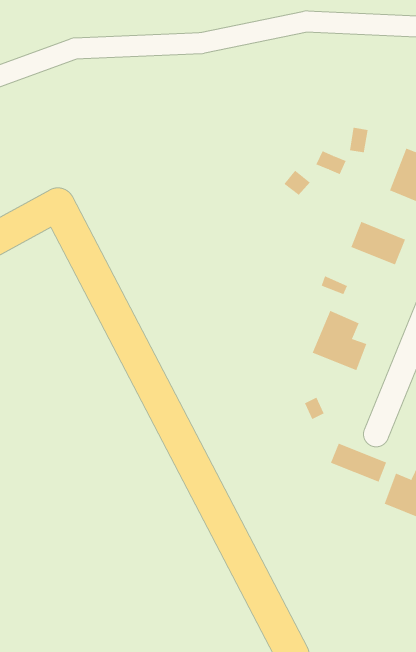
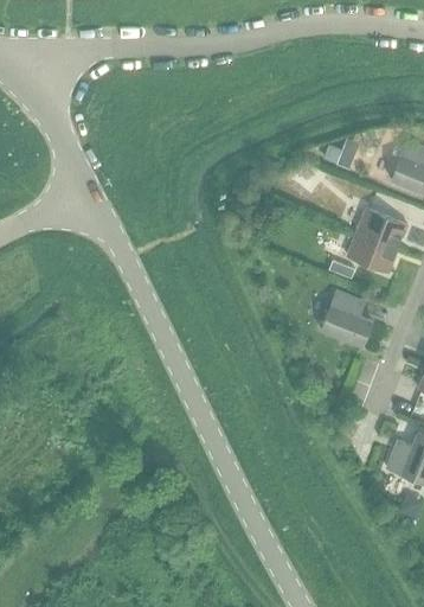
building: none -> [347,232,398,273]
building: [330,443,387,482] -> none

